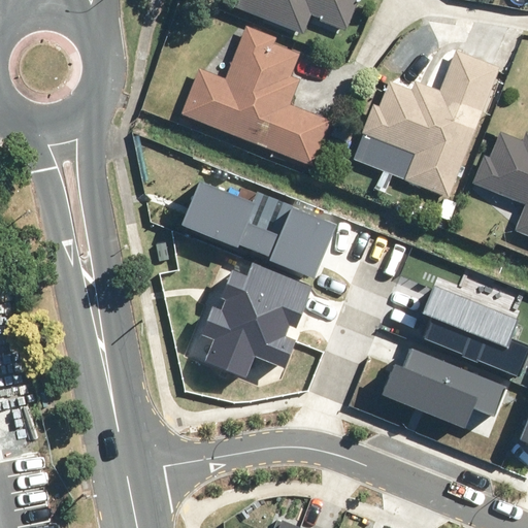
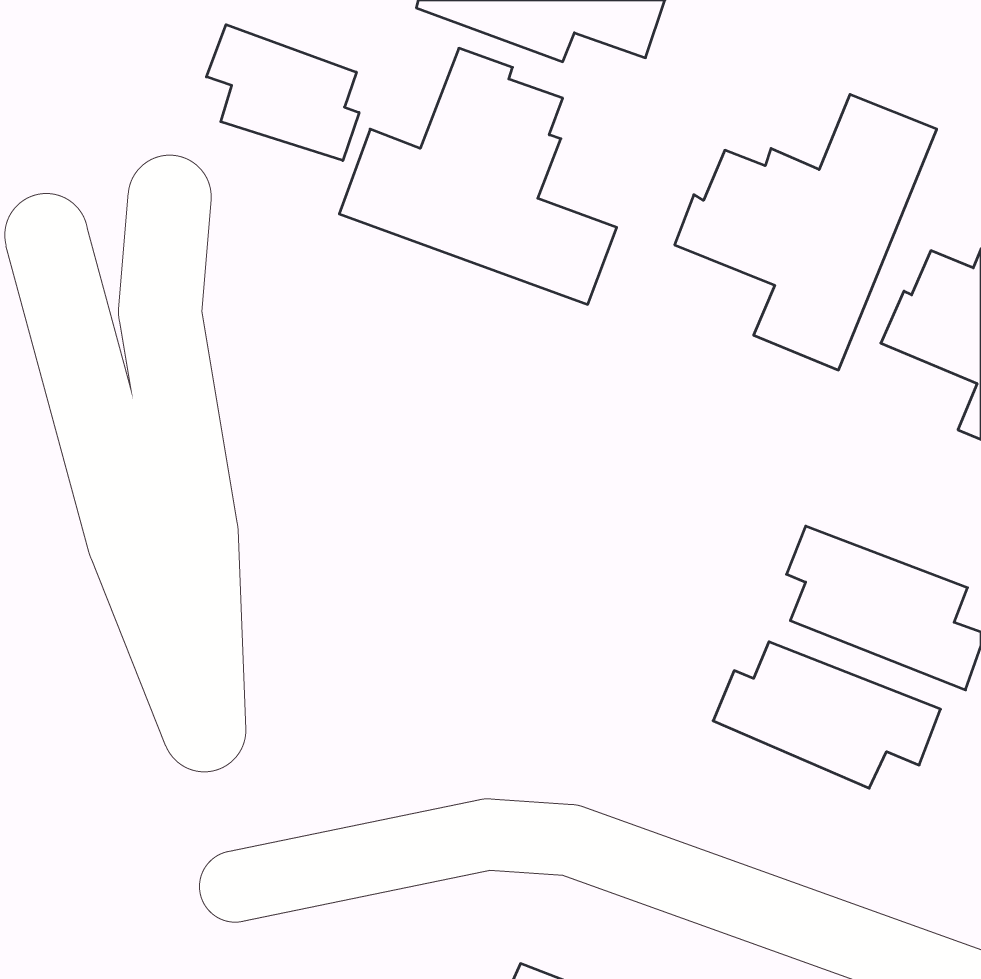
building: none -> [206,25,359,161]
building: [182,178,333,274] -> none
building: [199,259,310,374] -> none

